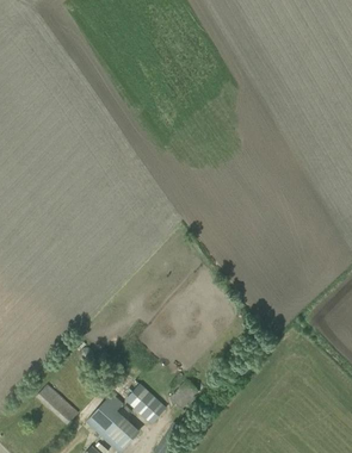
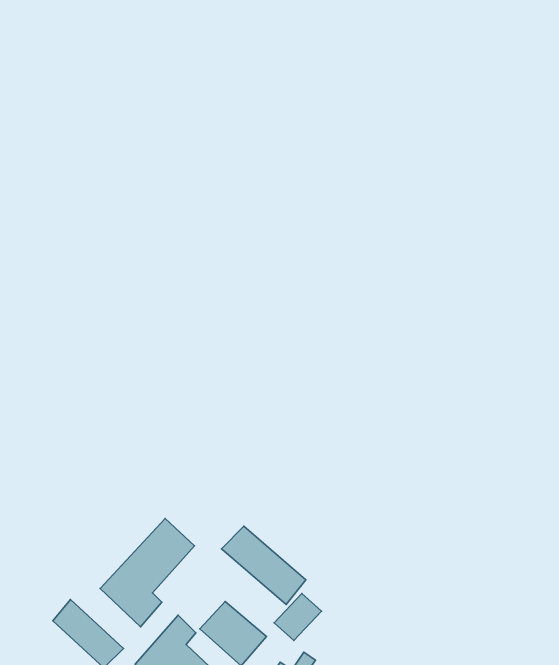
building: none -> [100,518,195,627]
building: none -> [222,526,306,605]

